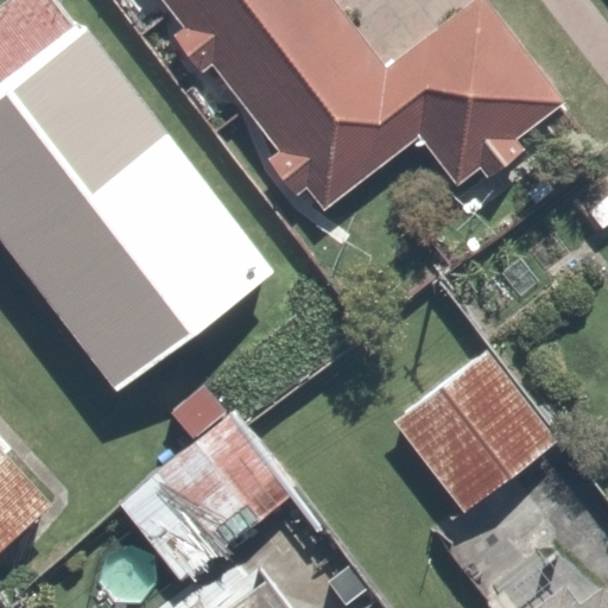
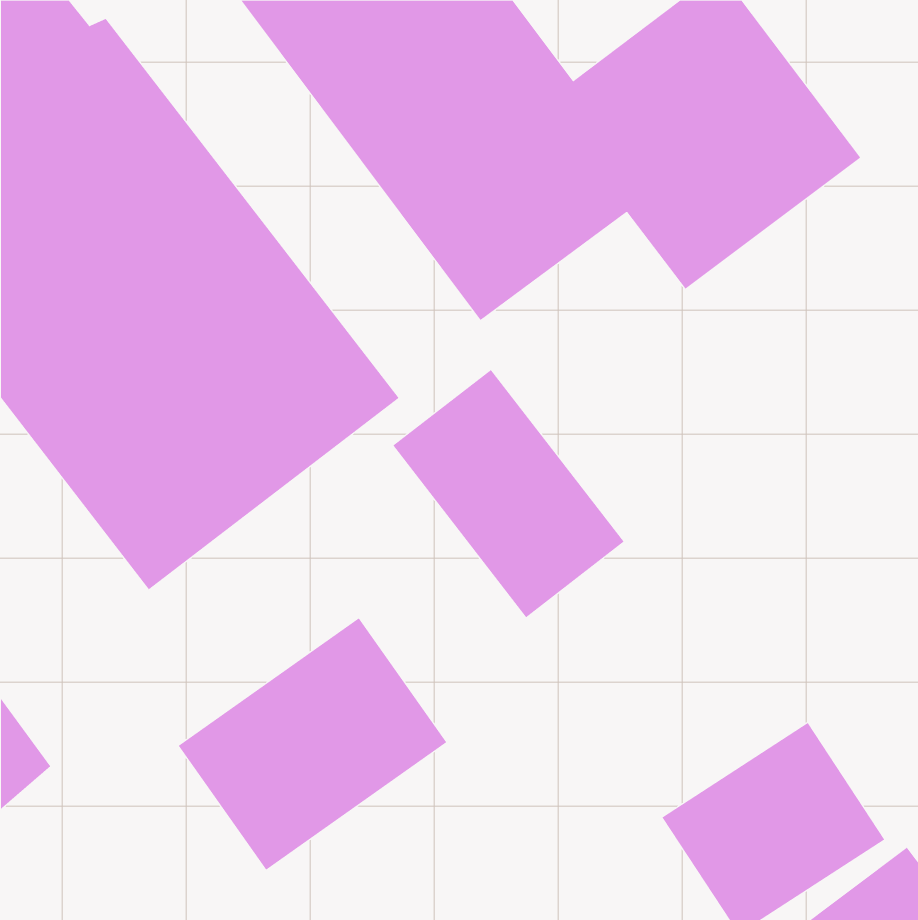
building: none -> [393,369,624,618]
building: [392,342,563,508] -> none

